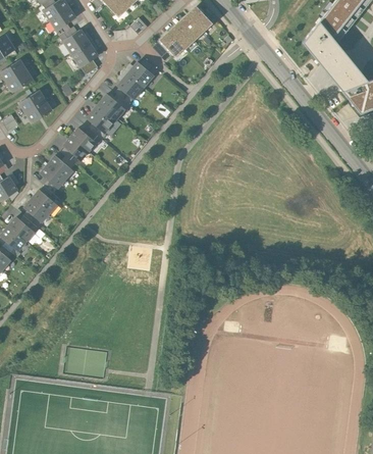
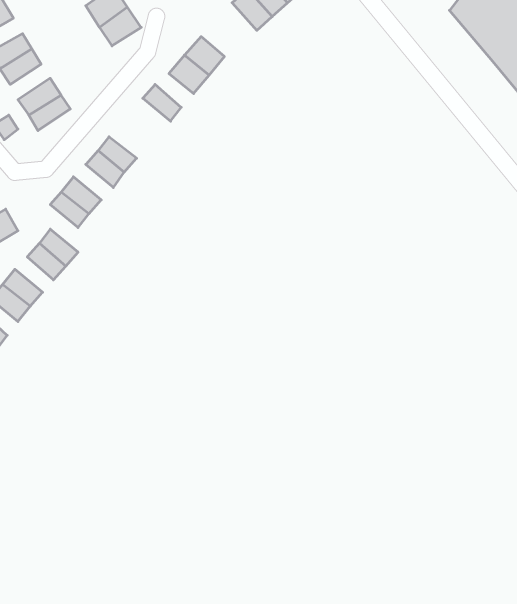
building: [87,103,118,134] -> none

